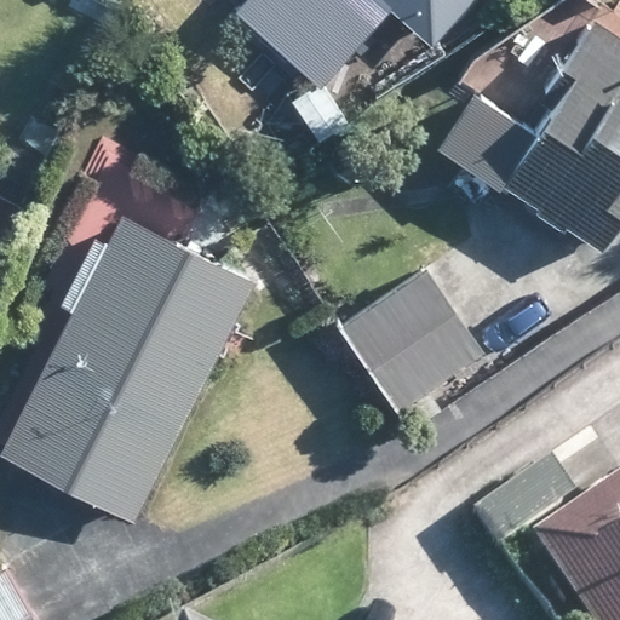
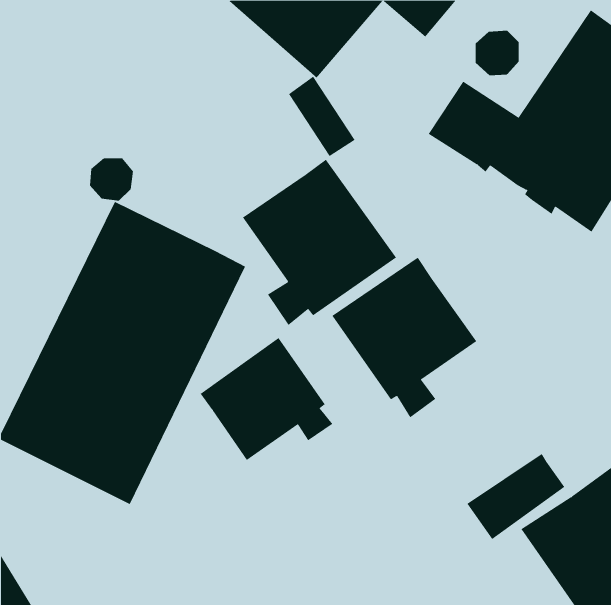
building: none -> [242,159,397,326]
building: none -> [200,337,333,461]

